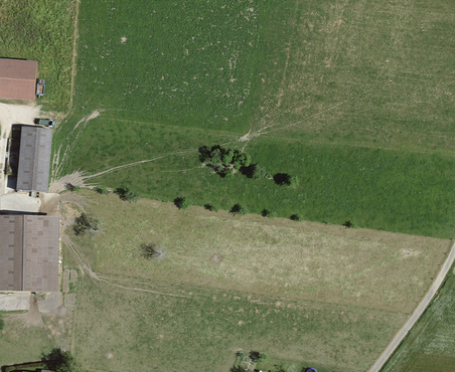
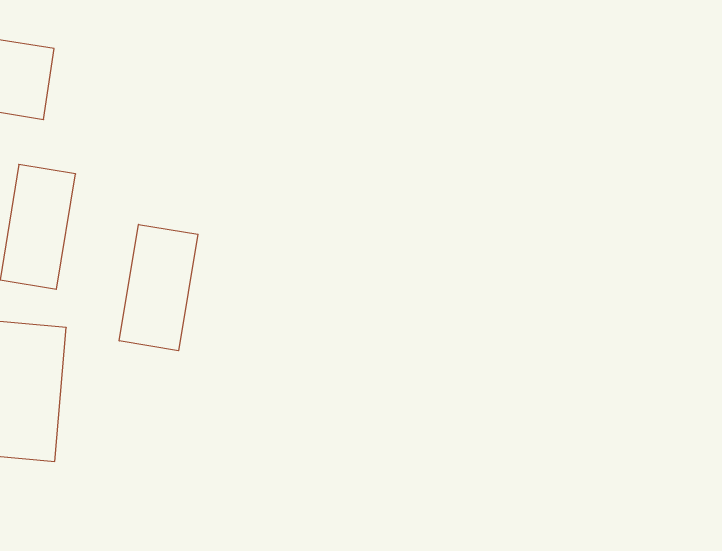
building: none -> [119,224,198,351]

